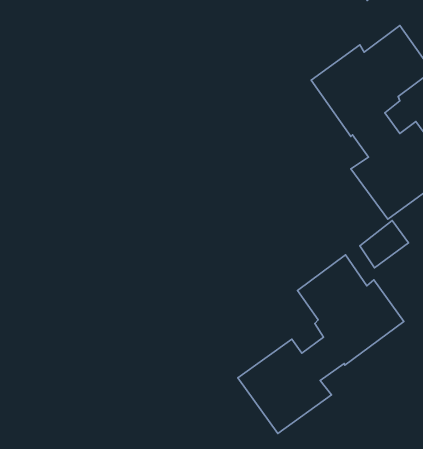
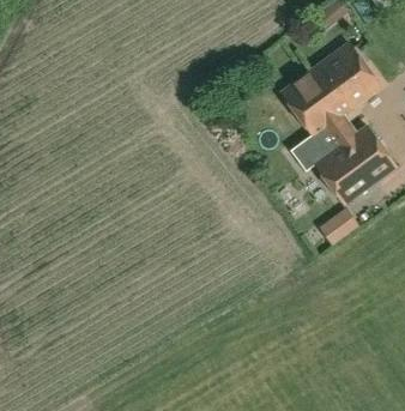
building: [238,255,404,433] -> none

